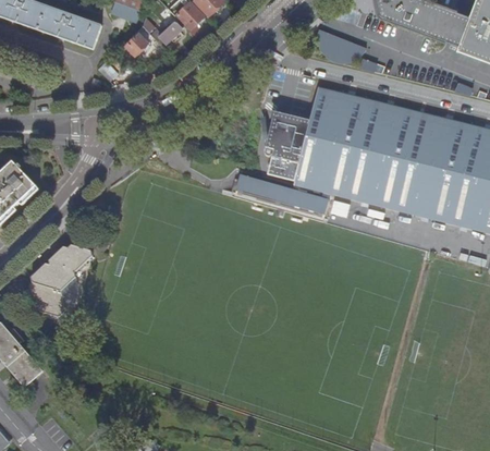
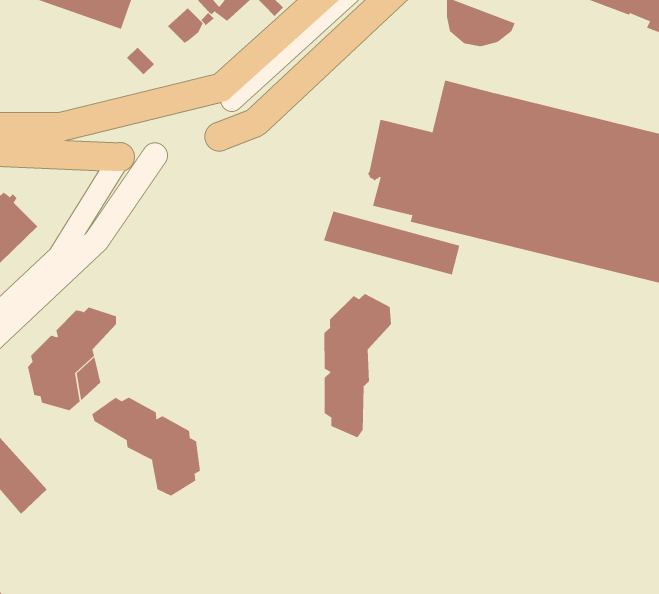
building: none -> [324,293,391,438]
building: none -> [91,397,201,497]

